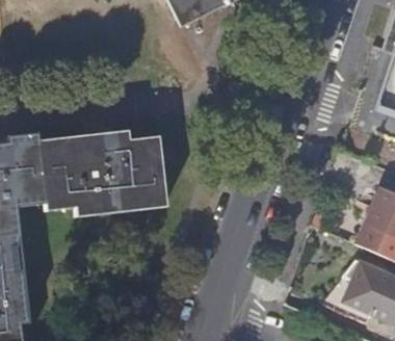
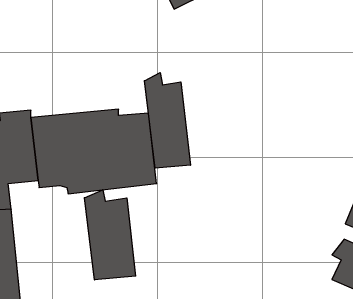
building: none -> [144,73,190,168]
building: none -> [84,190,136,280]

